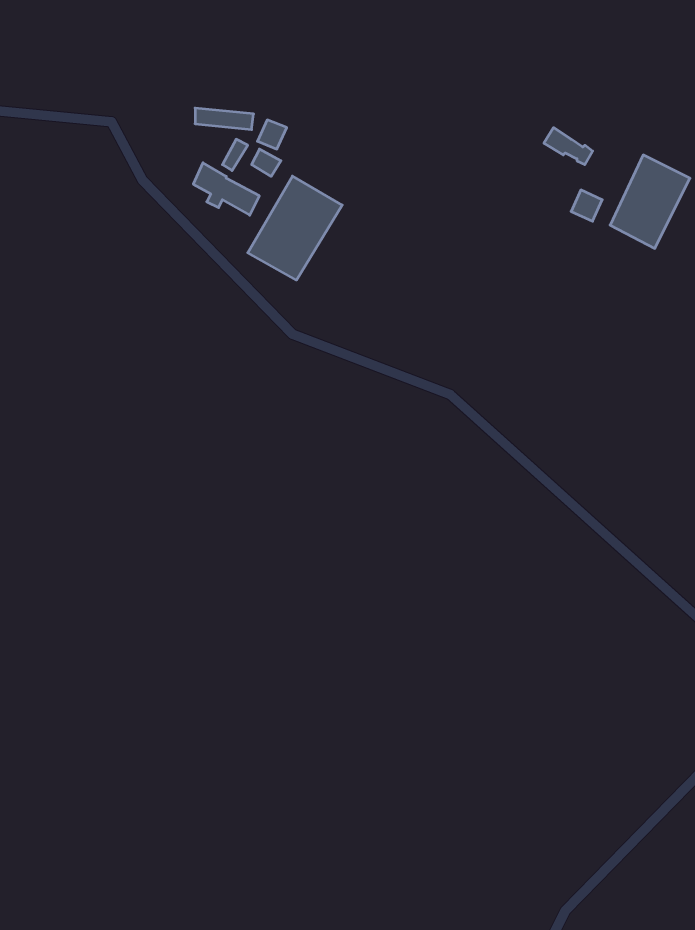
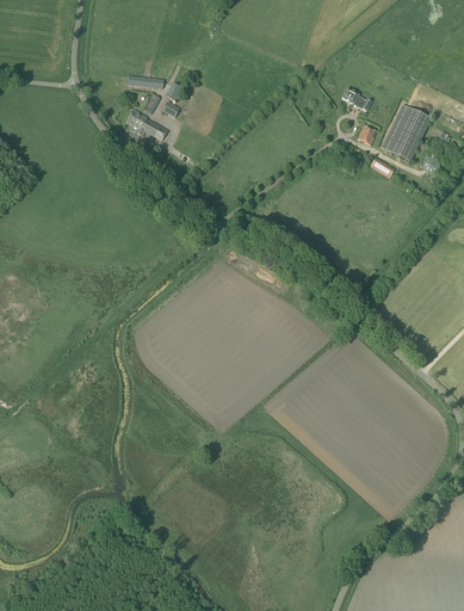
building: [248,176,342,280] -> none

